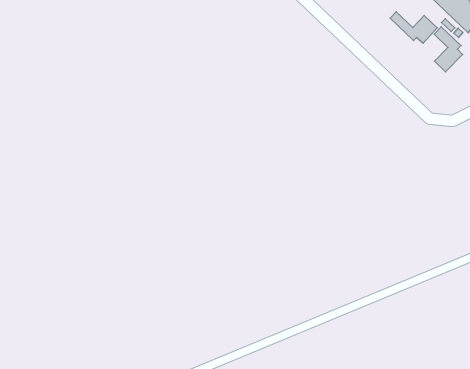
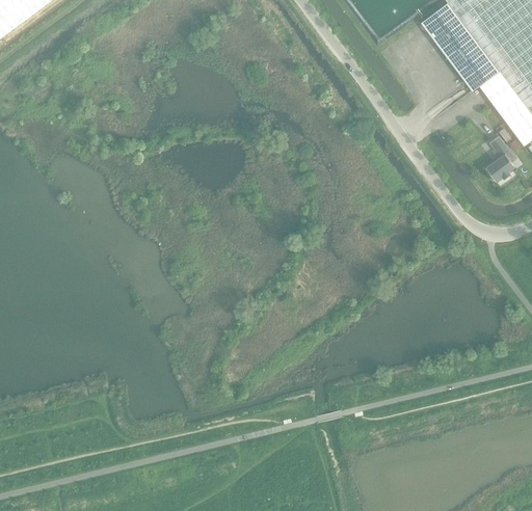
building: [390,12,437,43] -> none

